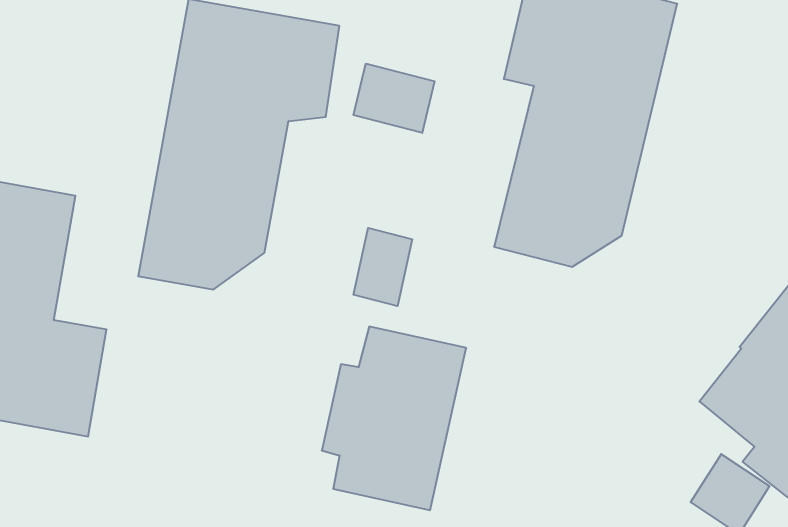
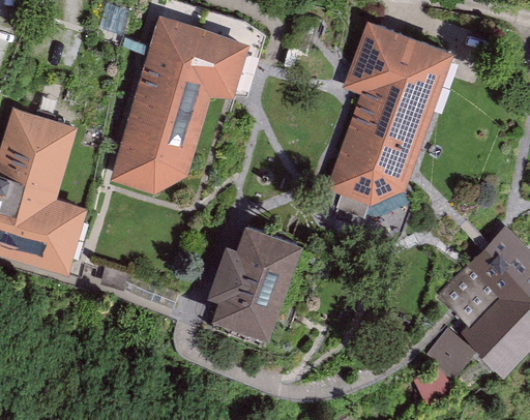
building: [353,64,435,133] -> none
building: [353,228,412,306] -> none

